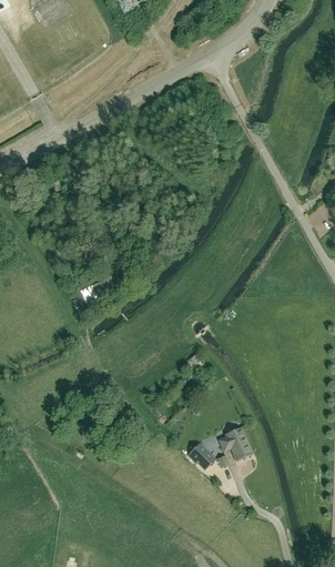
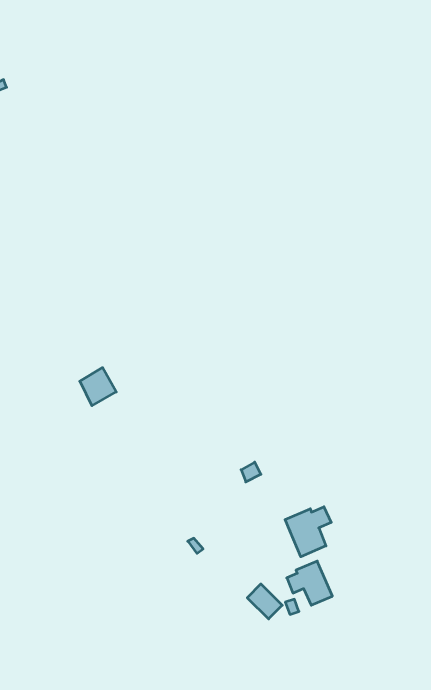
building: none -> [285,507,331,557]

